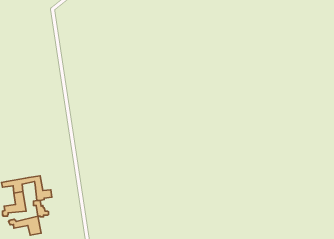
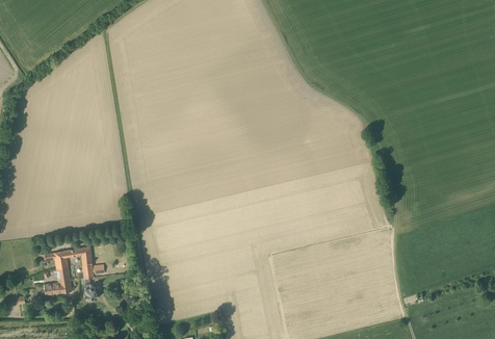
building: [9,216,41,235] -> none

